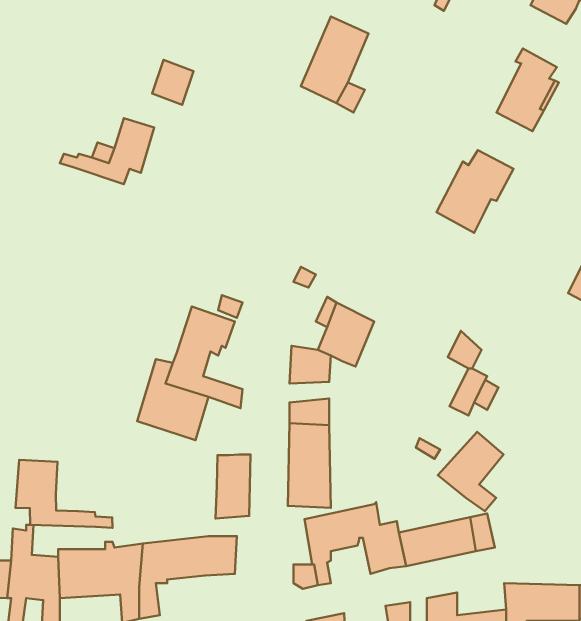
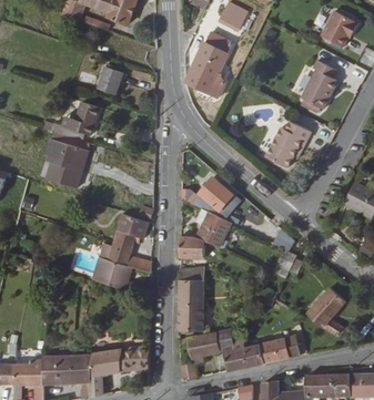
building: none -> [46,137,89,187]
building: none -> [200,176,233,209]
building: [438,432,504,511] -> [306,287,345,334]
building: [216,454,250,519] -> none
building: [15,460,113,528] -> none

